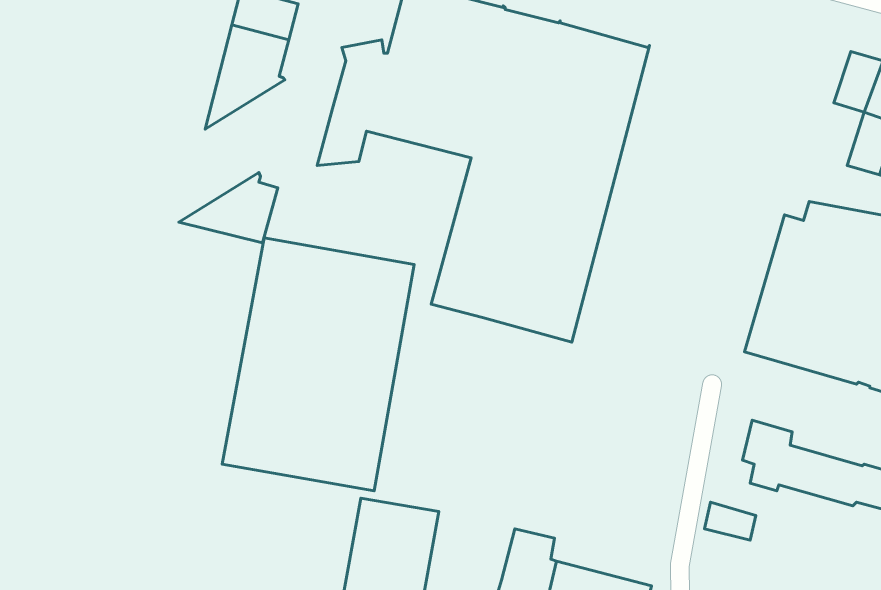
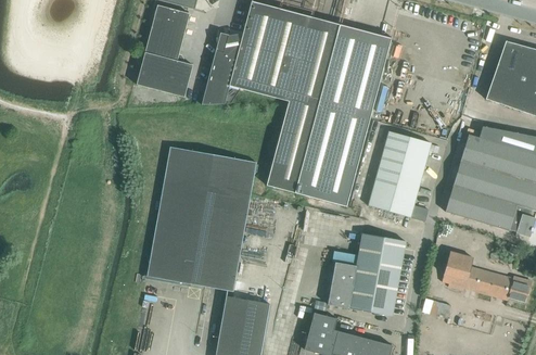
building: none -> [485,68,513,104]
building: [179,173,278,243] -> [137,55,193,96]
building: none -> [368,129,431,220]
building: none -> [328,232,406,315]

